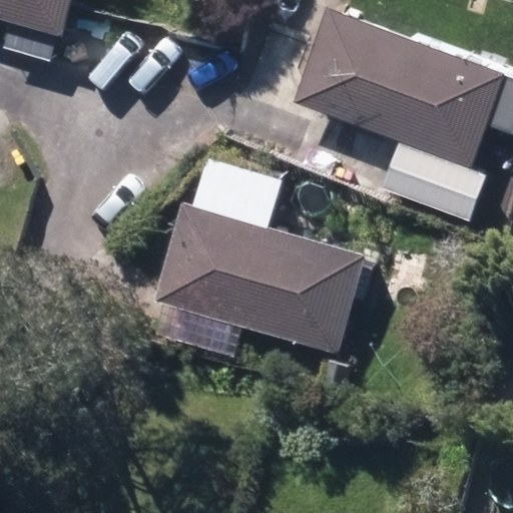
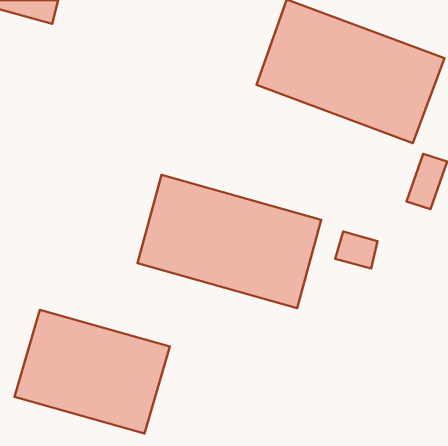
building: none -> [14,310,170,433]

